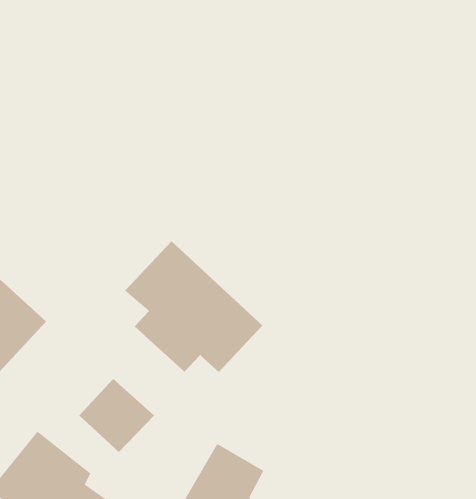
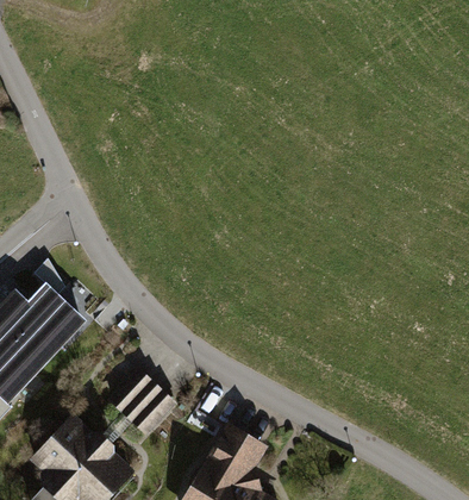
building: [124,241,263,373] -> none

